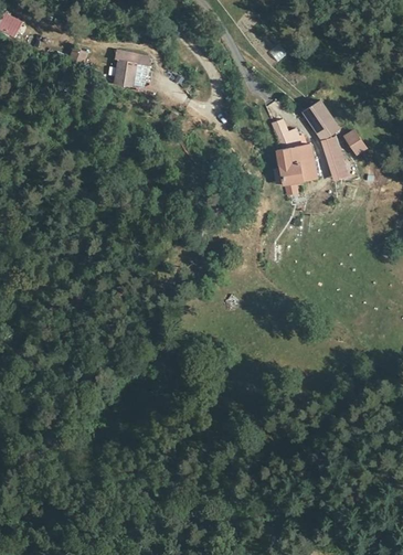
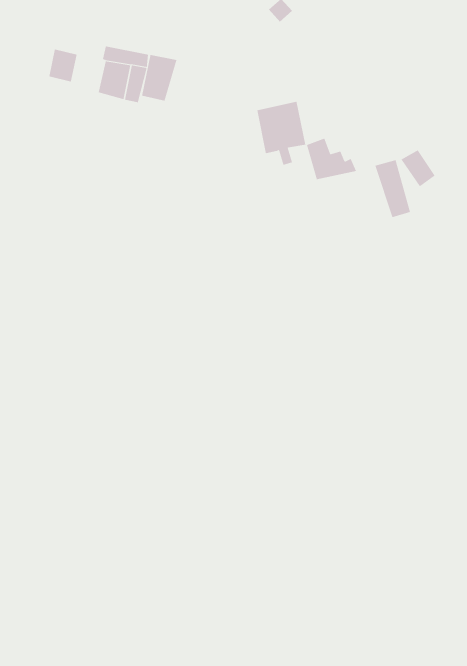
building: none -> [141,54,177,102]
building: [303,98,341,139] -> none
building: [276,143,314,192] -> [257,101,306,165]

